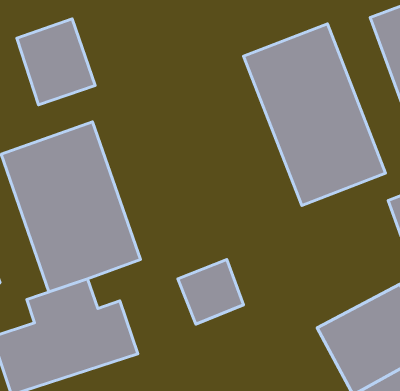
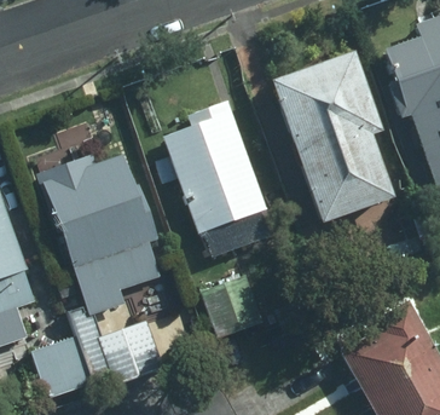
building: [17,19,95,105] -> none
building: none -> [158,100,267,235]

